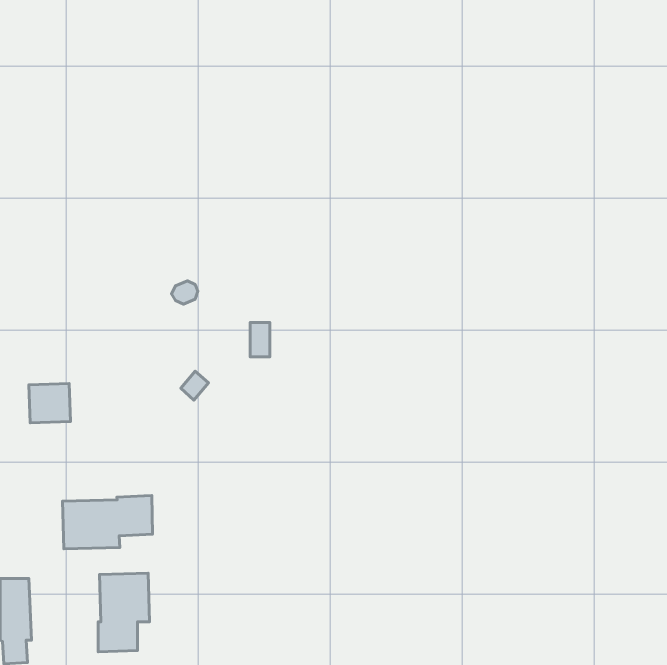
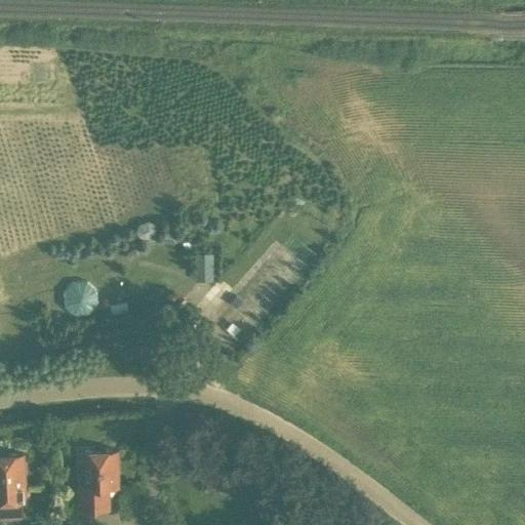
building: [29,384,71,423] -> [65,284,97,315]
building: [62,495,153,549] -> none

